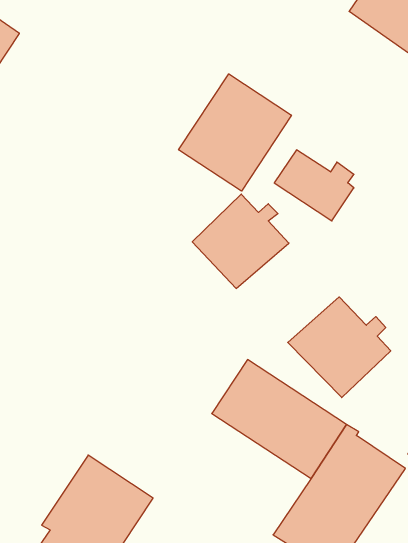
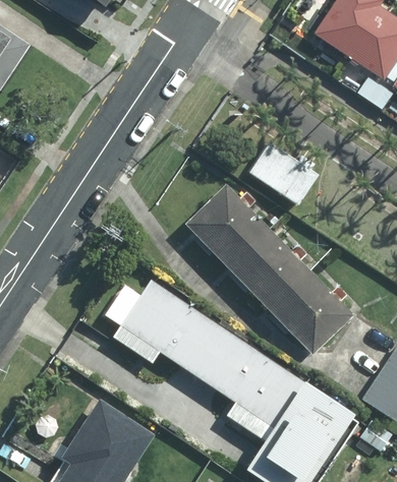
building: [179,74,291,191] -> none
building: none -> [219,225,304,307]
building: none -> [126,274,228,366]

